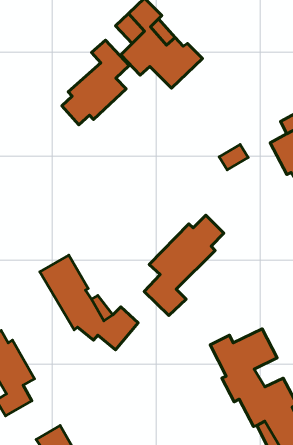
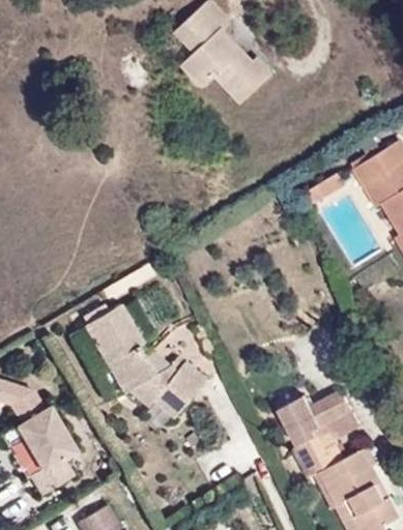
building: [62,40,129,125] -> none
building: [144,215,224,316] -> none

